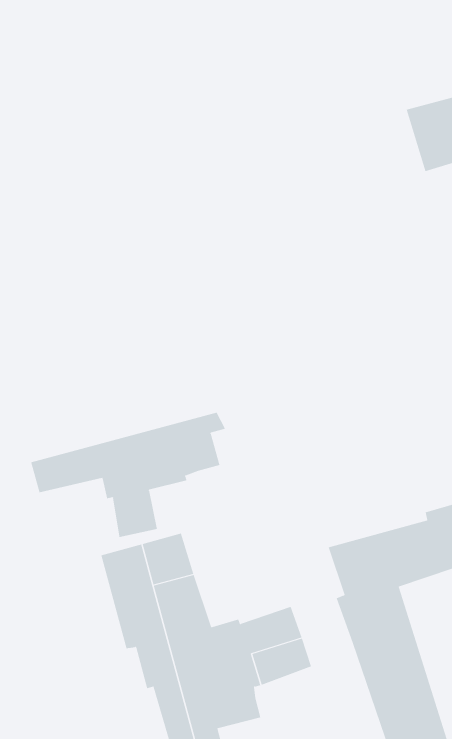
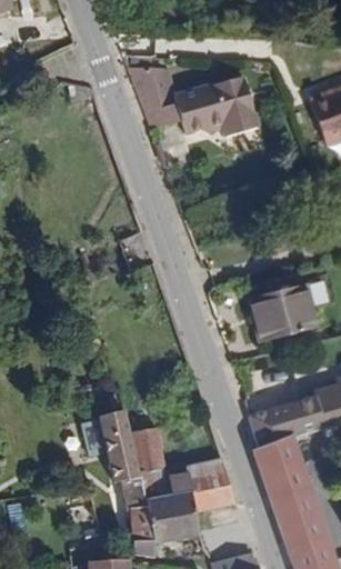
building: none -> [126,63,254,142]
building: none -> [250,281,313,339]
building: [31,412,226,538] -> none

